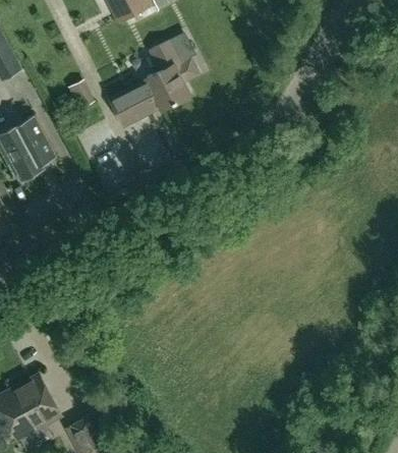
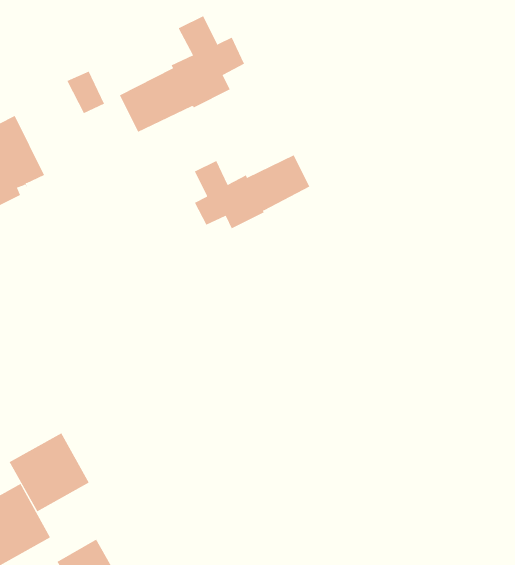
building: none -> [194,154,310,229]
building: none -> [9,432,89,512]

